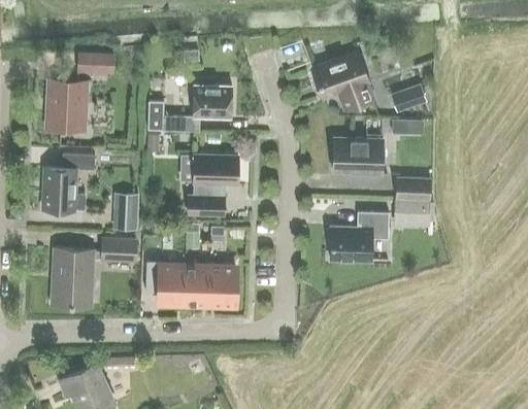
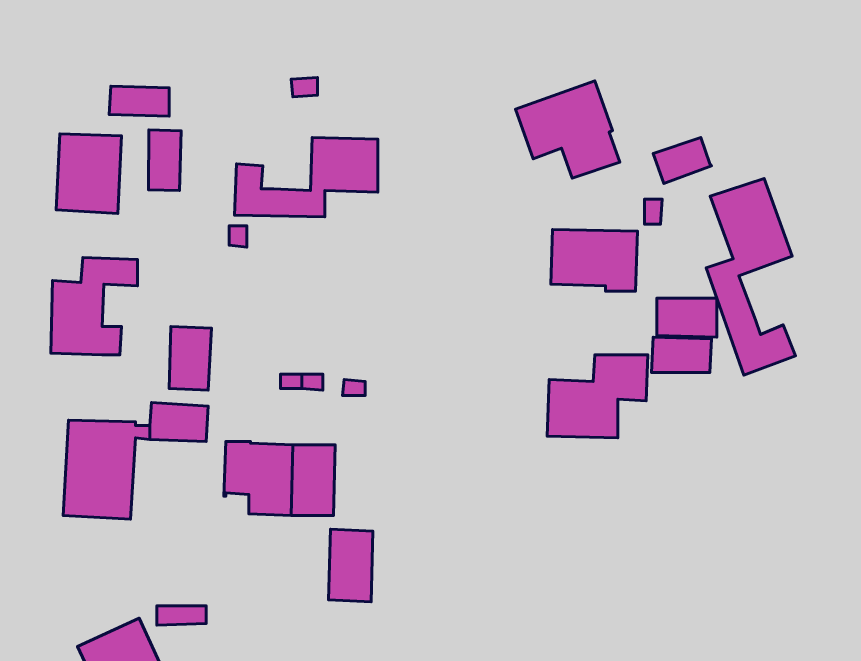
building: none -> [149,130,181,191]
building: none -> [706,178,795,375]
building: [184,154,240,214] -> none
building: [207,264,233,306] -> [329,529,373,602]

